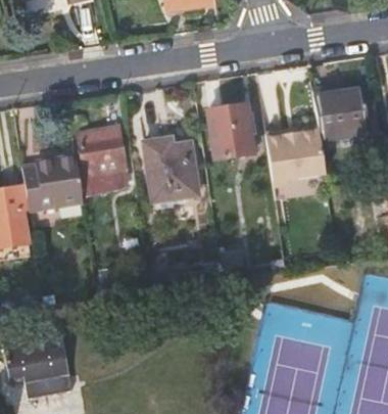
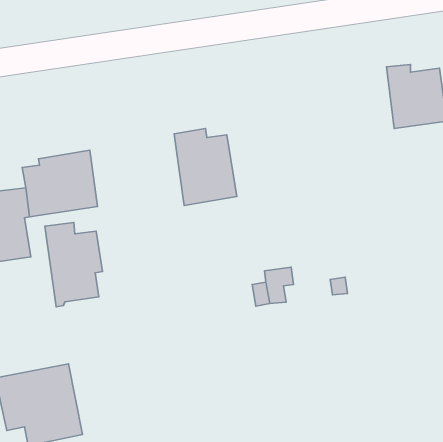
building: [209,106,254,159] -> none
building: [80,130,127,198] -> [45,222,103,307]
building: [266,131,326,187] -> none

